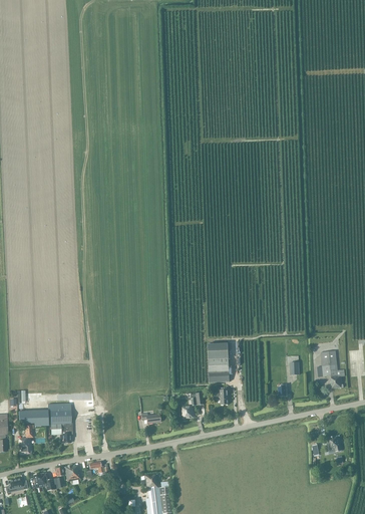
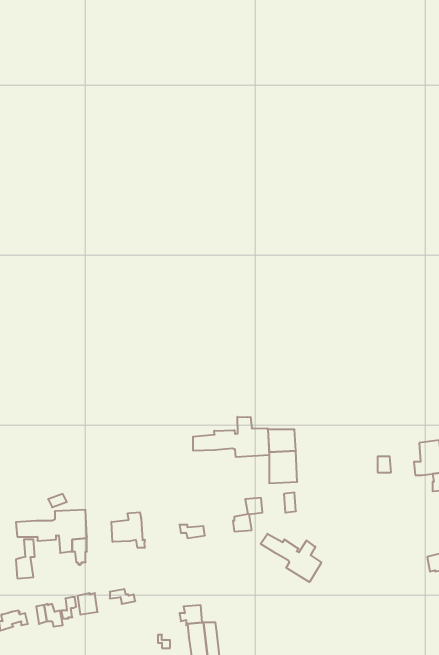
building: none -> [193,417,269,457]
building: none -> [112,512,145,548]
building: none -> [261,534,321,582]

